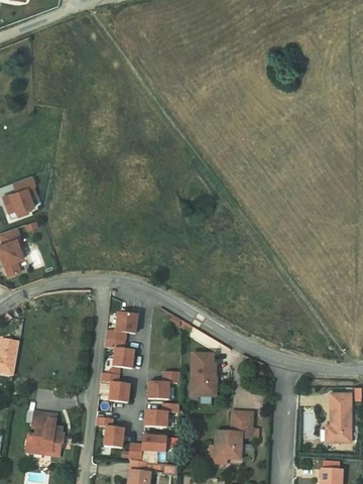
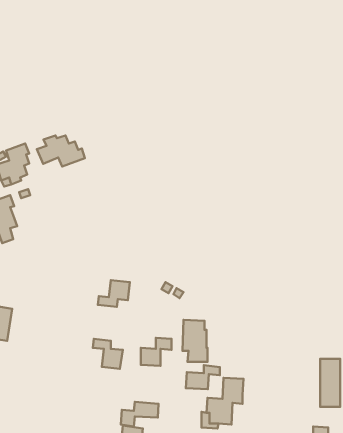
building: none -> [37,135,85,166]
building: [104,338,134,368] -> none
building: [144,402,178,427] -> [186,365,220,389]
building: [25,411,64,456] -> none
building: [95,416,124,448] -> none

